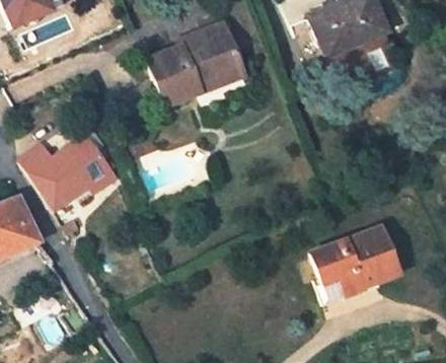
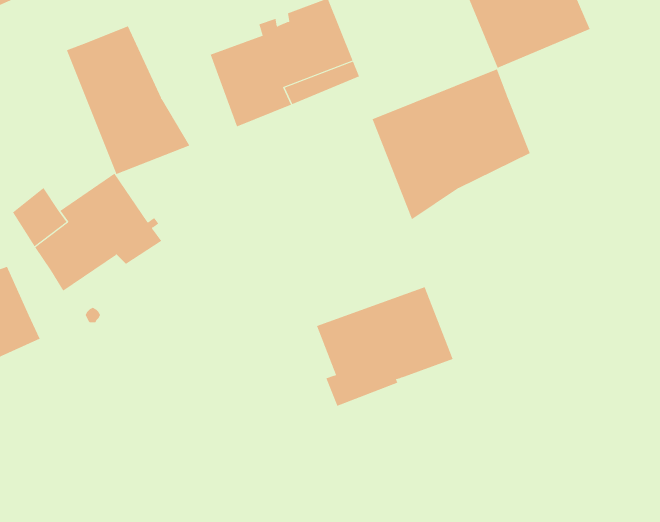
building: none -> [66,26,190,175]
building: none -> [372,69,531,220]
building: [311,227,399,304] -> [316,286,454,406]

